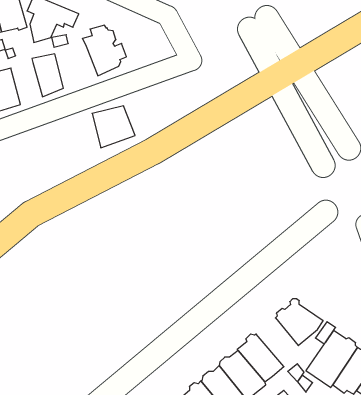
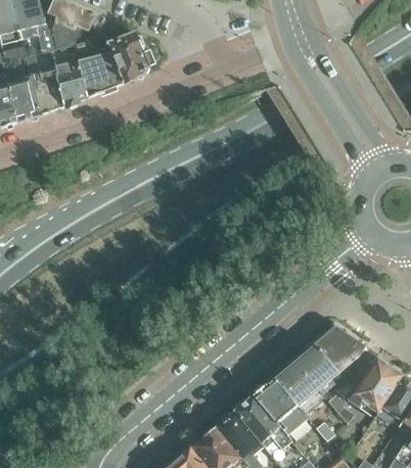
building: none -> [30,69,64,114]
building: [92,106,135,148] -> [78,52,124,97]
building: none -> [293,343,338,395]

